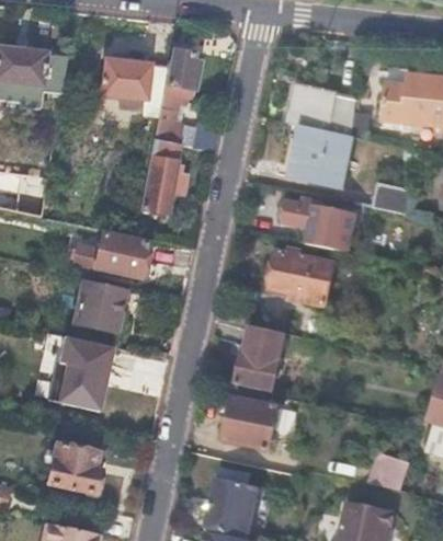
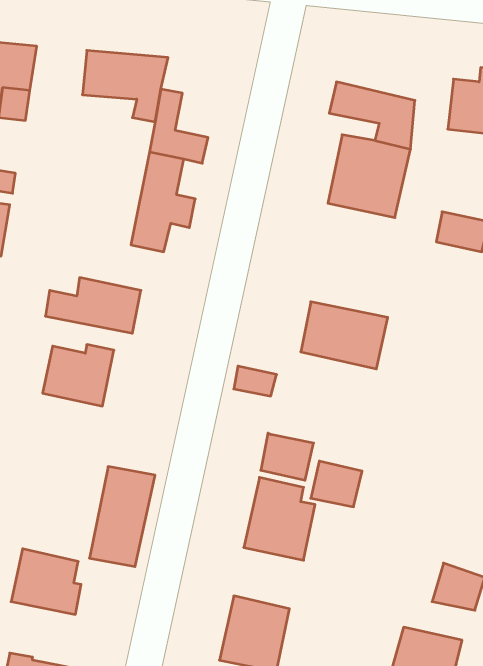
building: [161,48,198,92] -> none
building: [284,200,357,252] -> none
building: [246,325,285,360] -> [311,461,362,507]
building: [61,339,112,416] -> [89,467,155,567]

